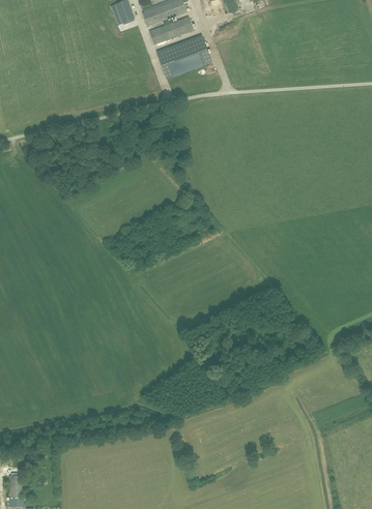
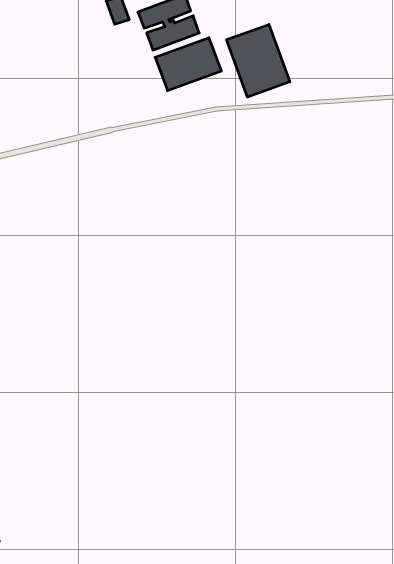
building: none -> [227,24,290,97]

